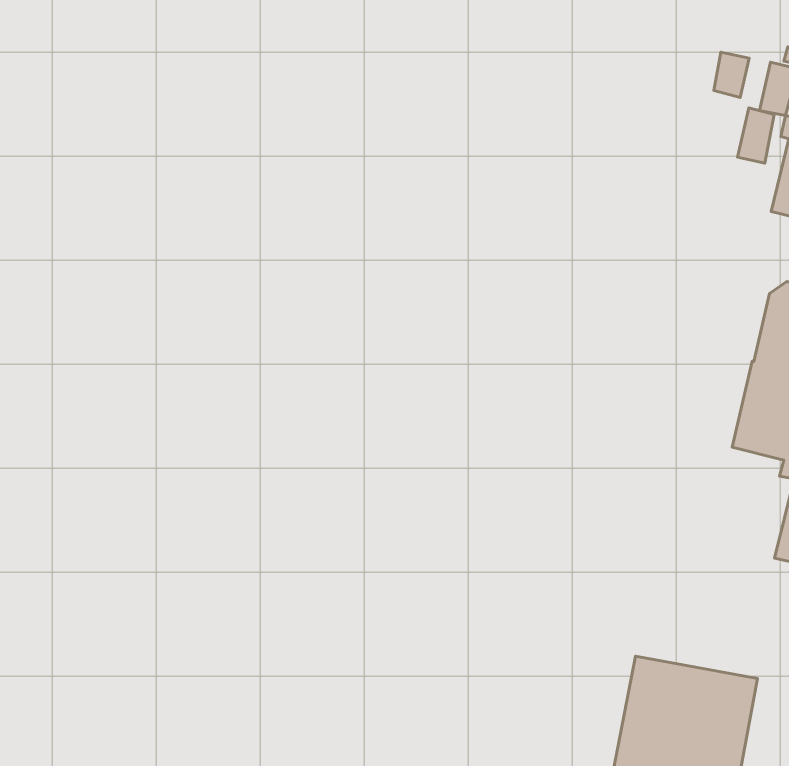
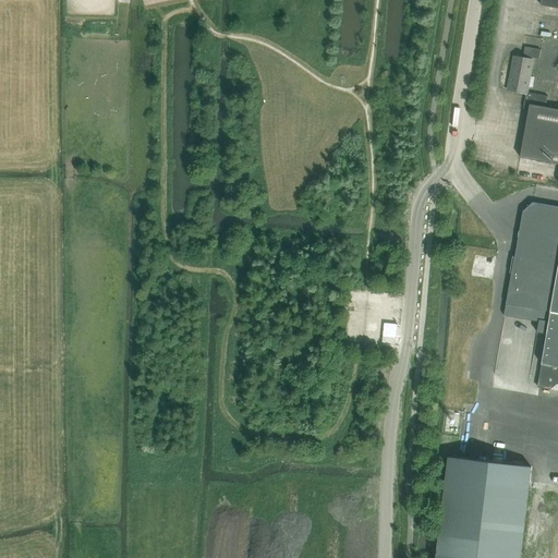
building: [714,52,749,98] -> none
building: [737,108,774,163] -> none

